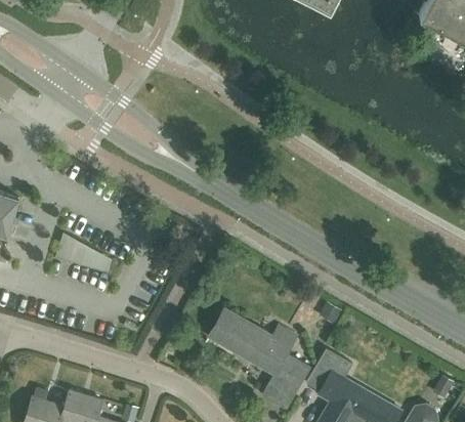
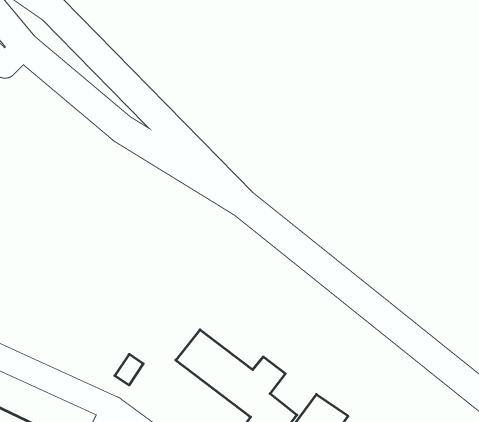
building: [60,238,117,276] -> none

